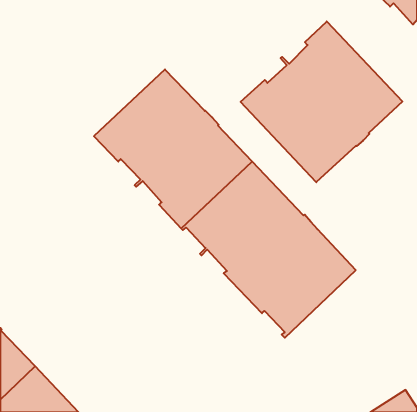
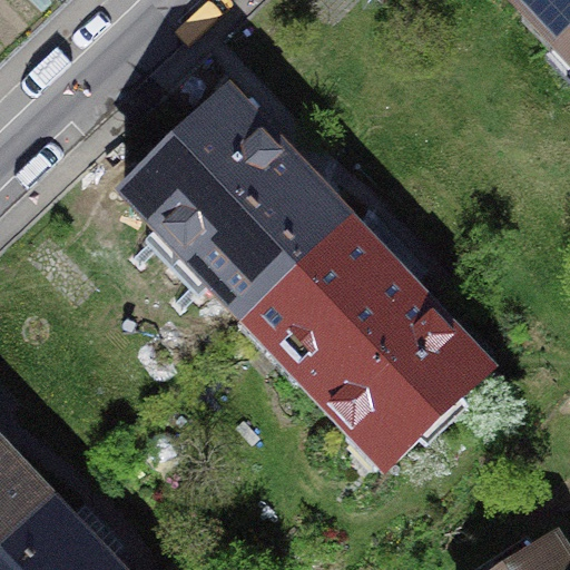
building: [241,21,402,182] -> none

